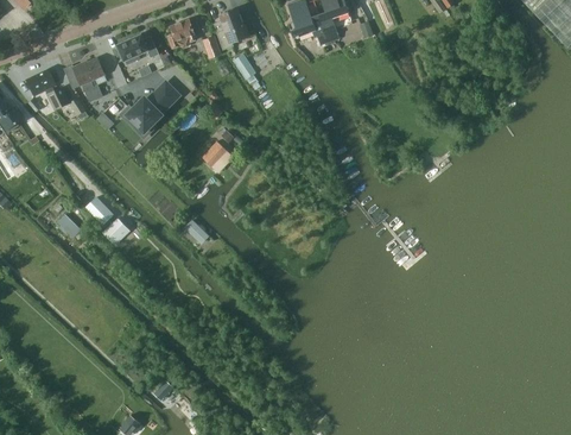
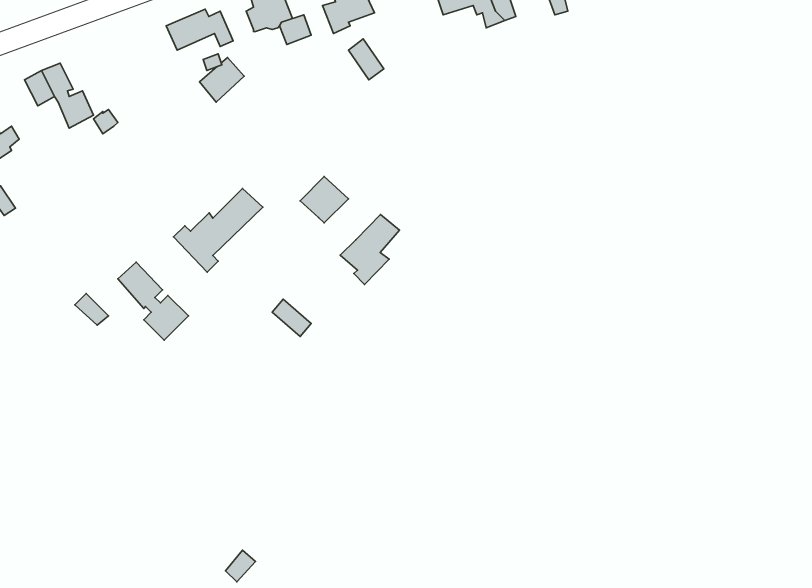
building: [74,57,107,102] -> none
building: [122,83,179,137] -> [174,189,263,272]
building: none -> [340,215,400,285]

